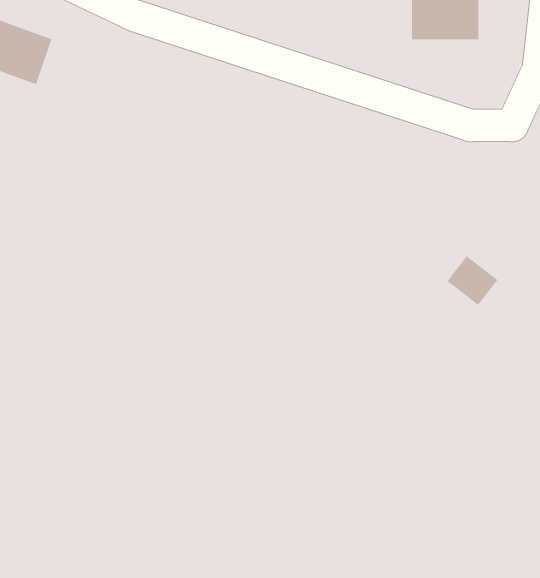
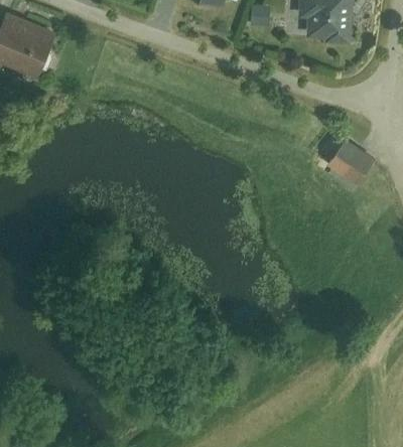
building: [446,255,498,306] -> [328,138,365,173]

